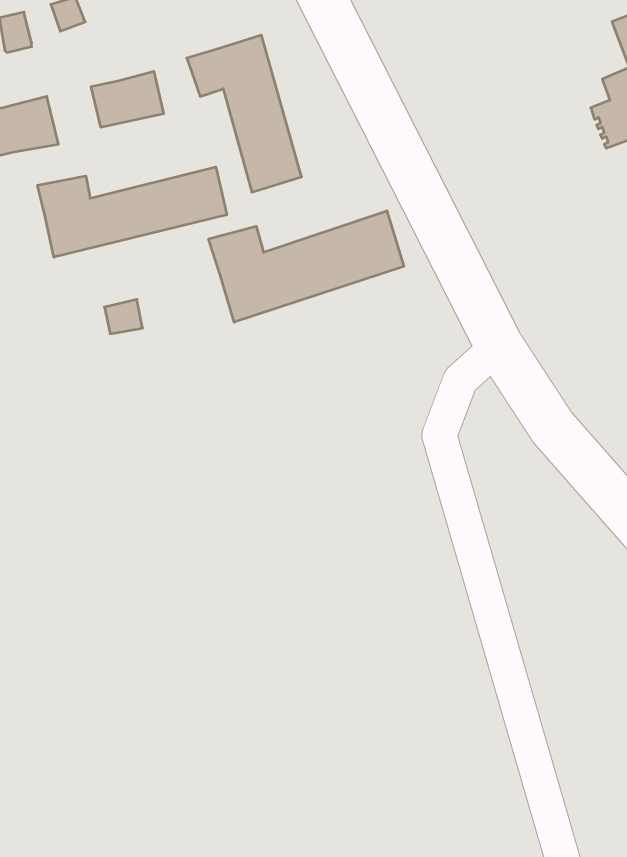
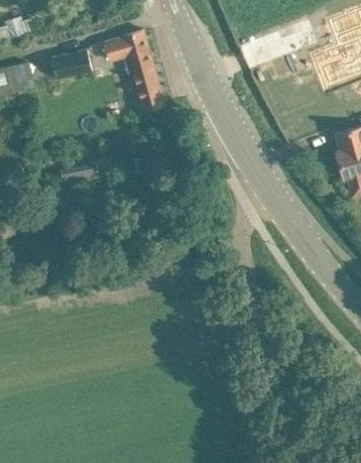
building: [38,167,227,257] -> none
building: [209,211,404,322] -> none

